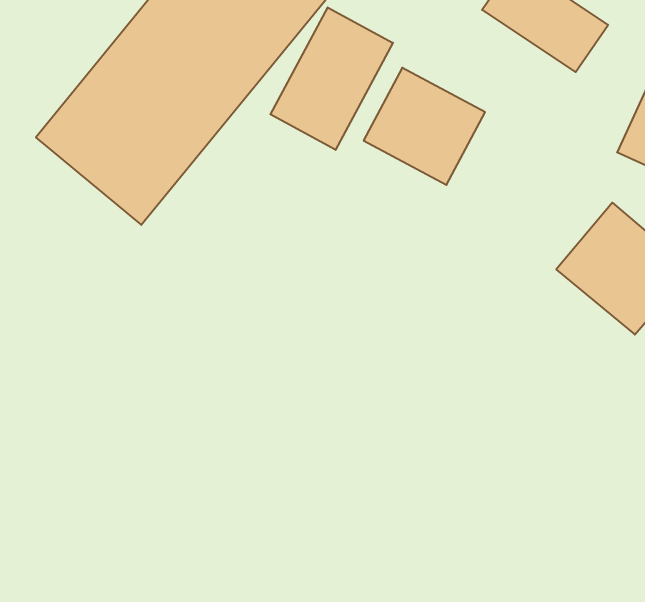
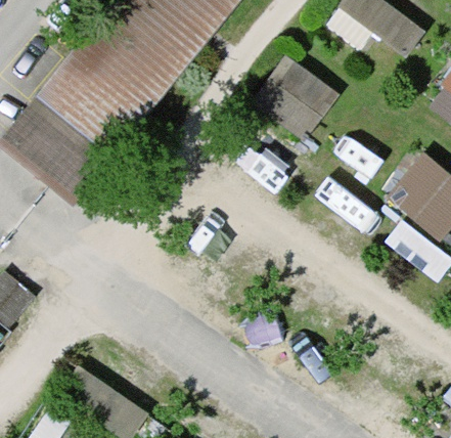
building: [270,7,393,150] -> none

